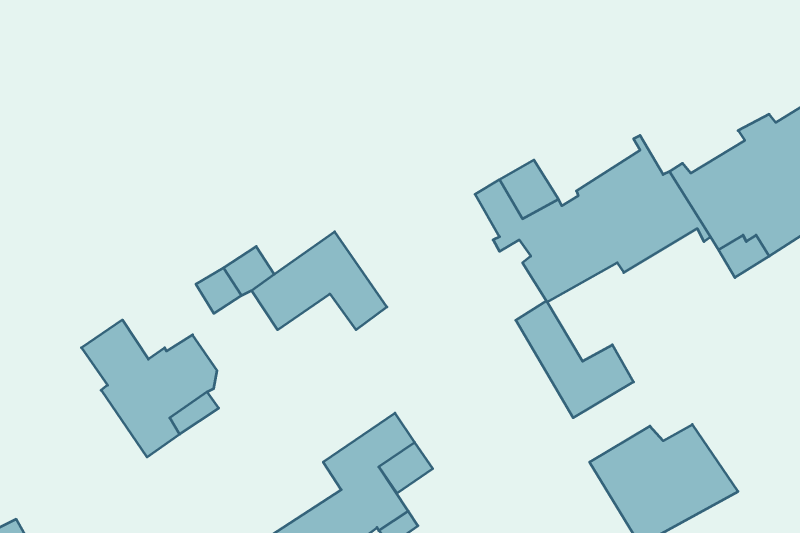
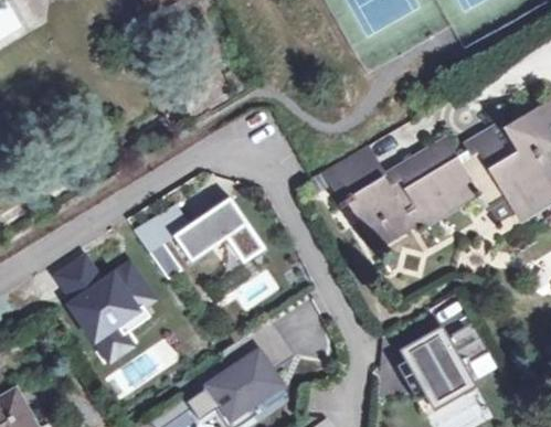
building: [516,301,634,418] -> none

